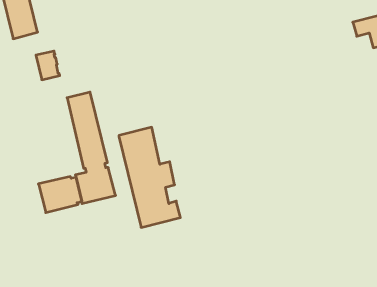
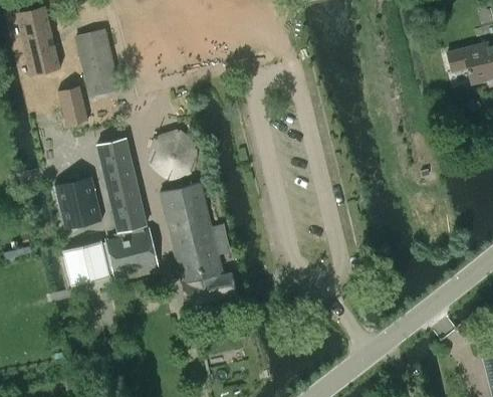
building: none -> [76,31,119,95]
building: none -> [153,131,190,173]
building: none -> [54,176,102,230]

